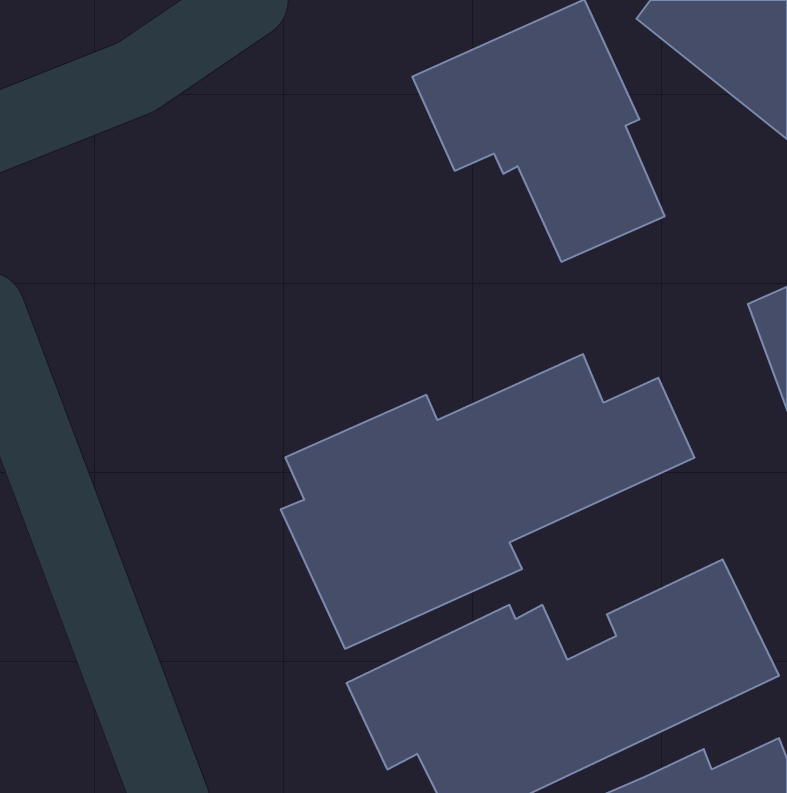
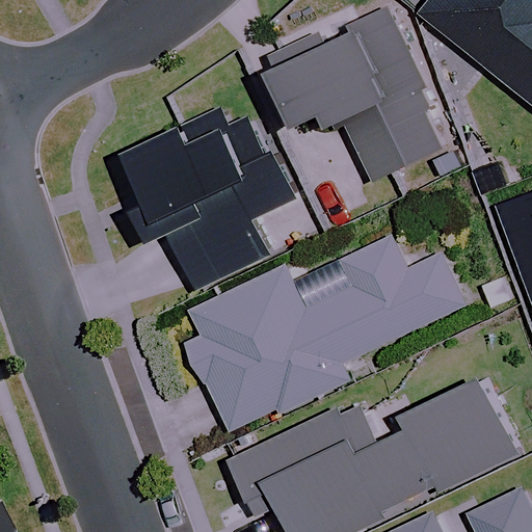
building: none -> [130,108,295,286]

